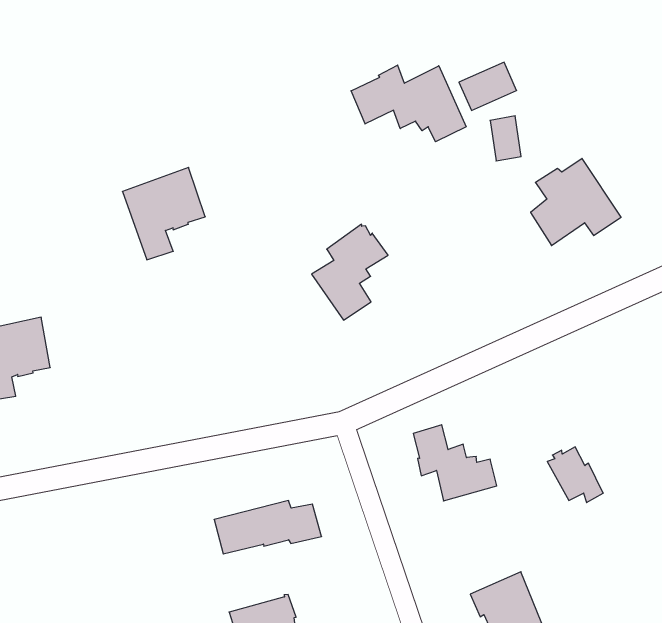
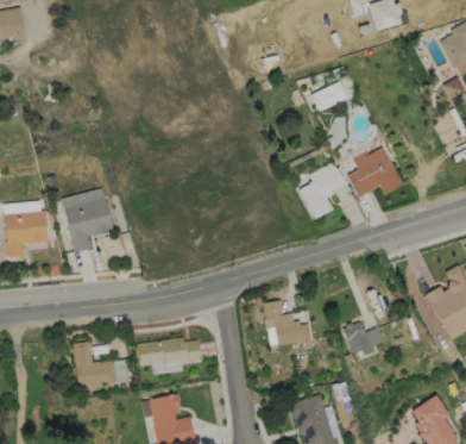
building: [351,65,466,142] -> none
building: [122,167,205,260] -> [63,199,112,252]
building: [312,224,388,320] -> [297,163,345,220]
building: none -> [73,342,116,386]

